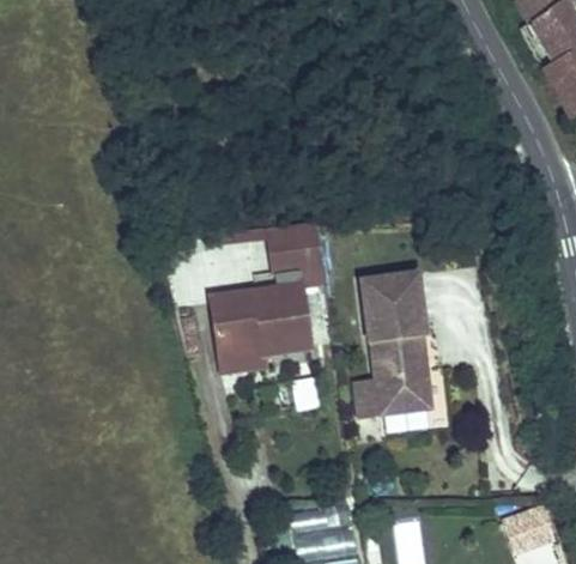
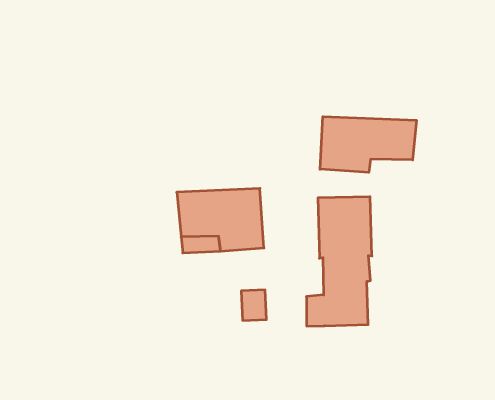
building: none -> [320,117,416,172]
building: [279,224,325,269] -> none

